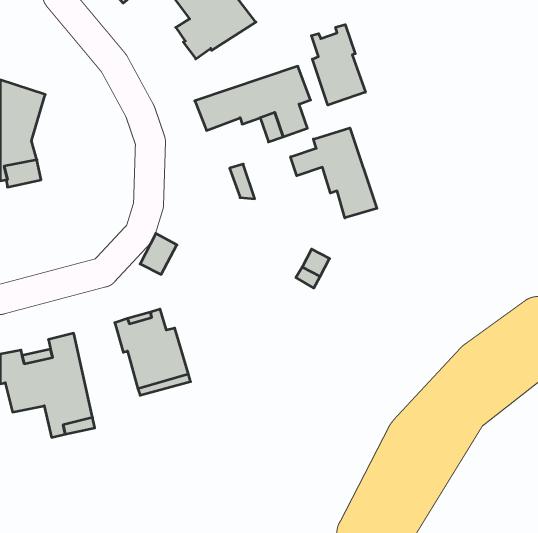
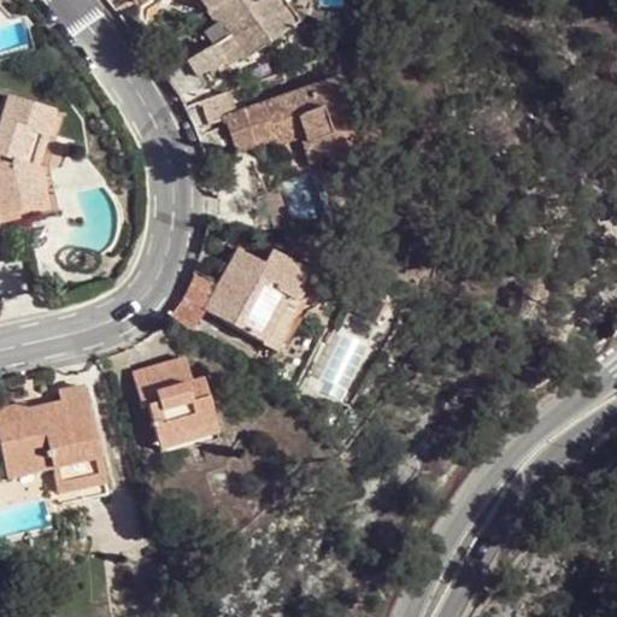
building: [311,25,365,105] -> none
building: [291,128,377,218] -> none
building: none -> [194,243,315,343]

